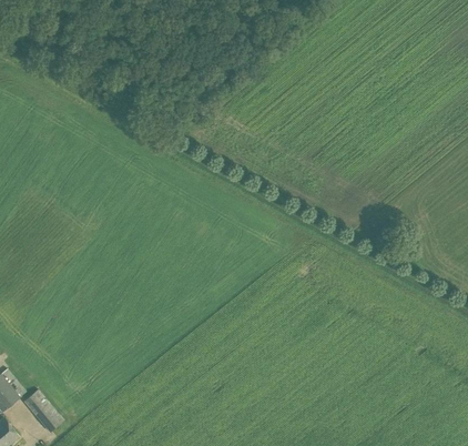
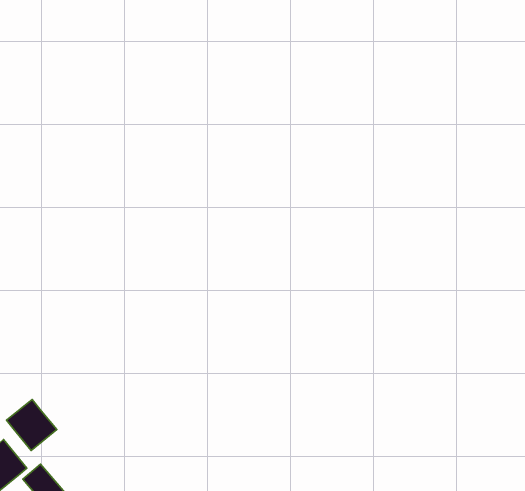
building: none -> [7,399,57,451]

